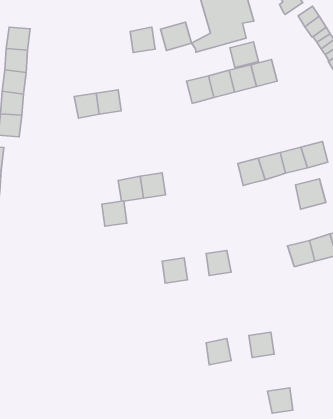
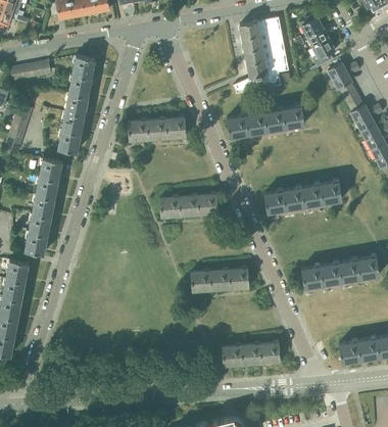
building: [161,22,191,50] -> none
building: [130,27,155,52] -> [166,118,187,139]
building: [230,42,258,67] -> none
building: [296,179,326,209] -> none
building: [102,201,127,226] -> [198,195,219,216]
building: none -> [210,270,231,291]
building: [268,388,293,413] -> [241,344,261,365]

